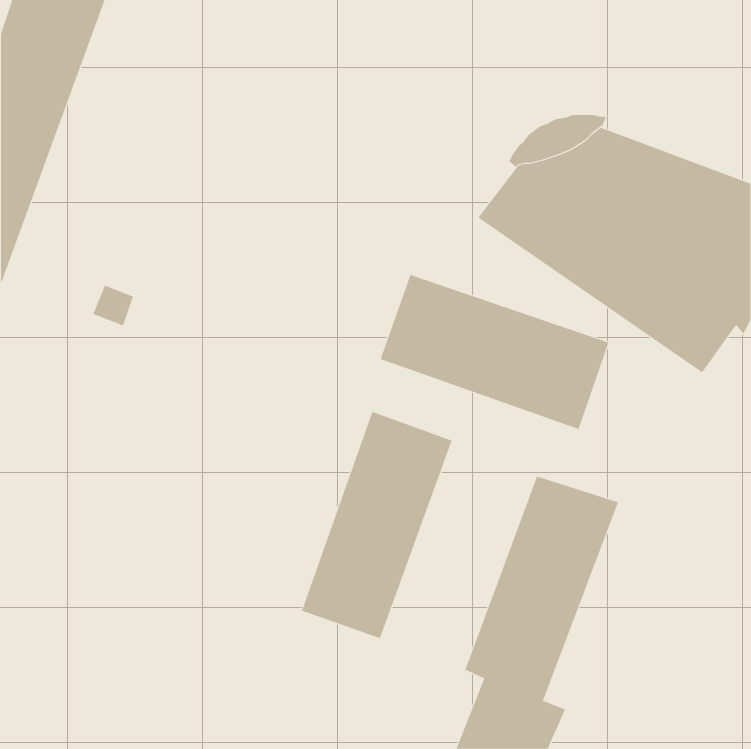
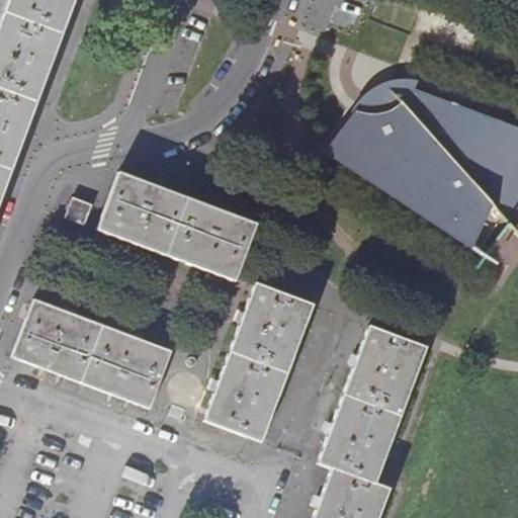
building: none -> [99,173,256,278]
building: [380,274,609,430] -> none
building: none -> [14,300,172,409]

